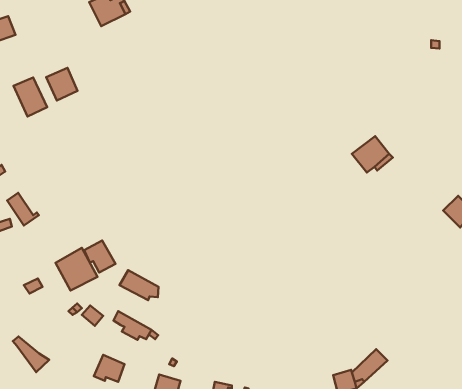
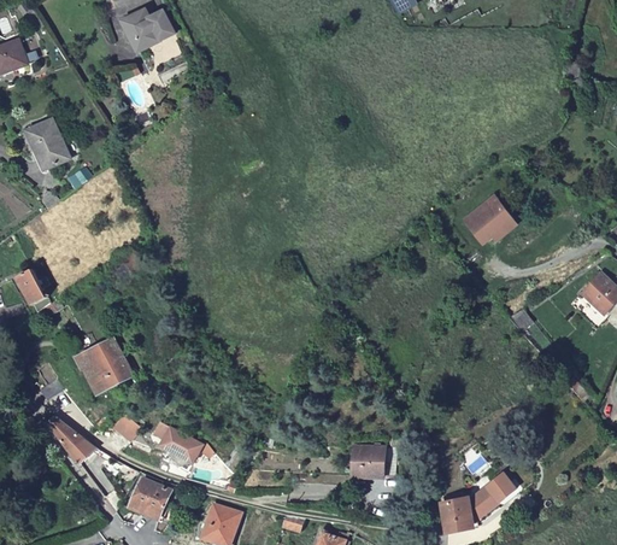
building: [46,68,78,101] -> none
building: [84,240,115,273] -> none
building: [120,270,158,300] -> none
building: none -> [348,449,383,479]
building: [13,337,49,372] -> [49,417,96,463]

